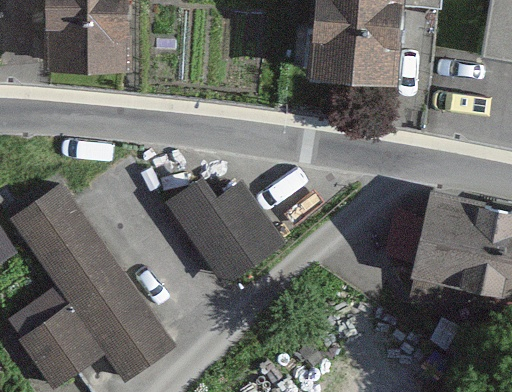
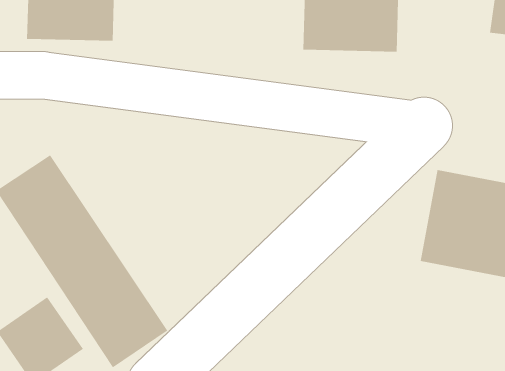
building: [172,177,286,283] -> none

